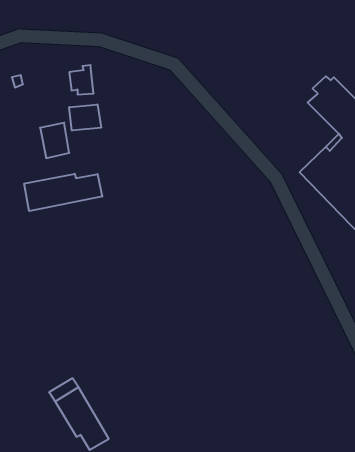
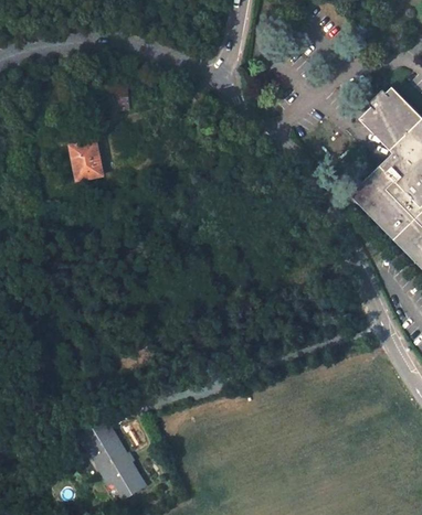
building: [69,104,101,131] -> none
building: [24,174,102,211] -> none

